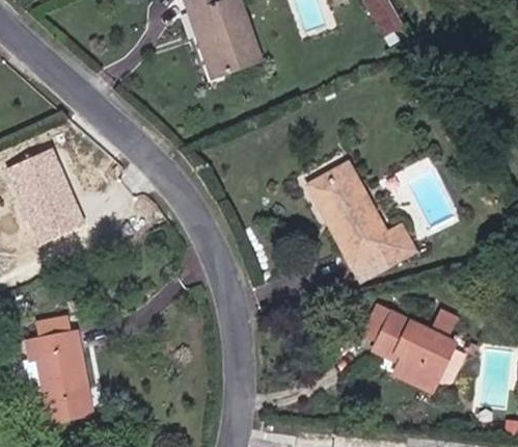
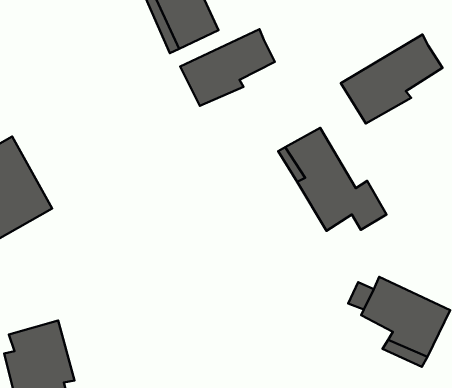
building: none -> [180,29,275,106]
building: none -> [341,35,442,123]

